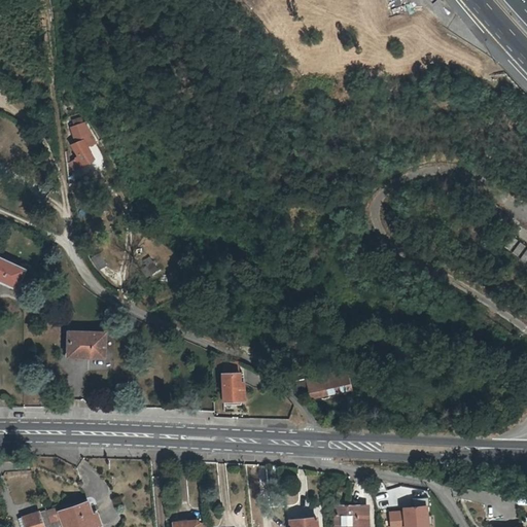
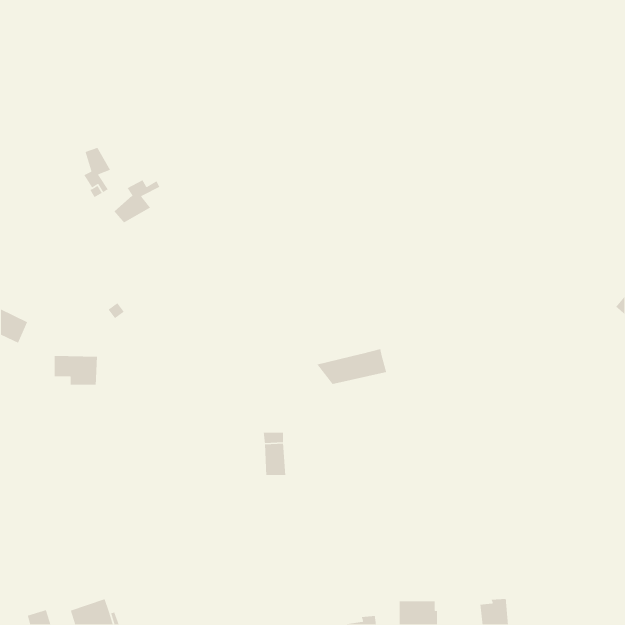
building: none -> [114,179,161,224]
building: [68,331,105,357] -> [54,355,98,386]
building: [291,368,351,399] -> [316,348,387,385]

